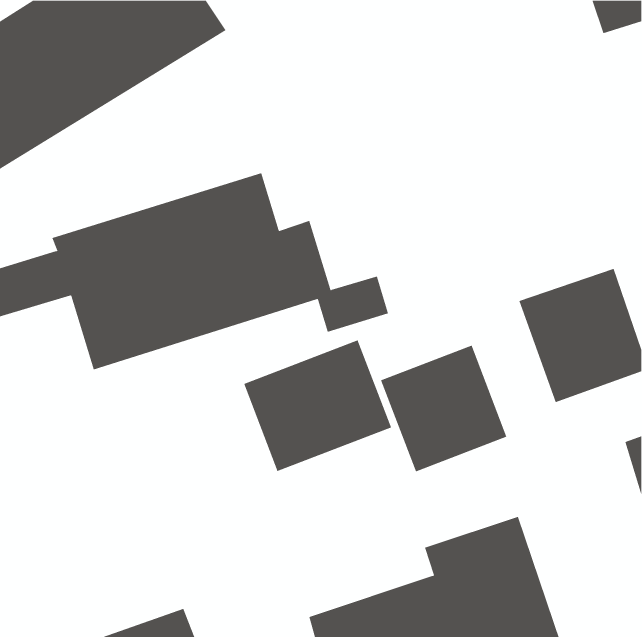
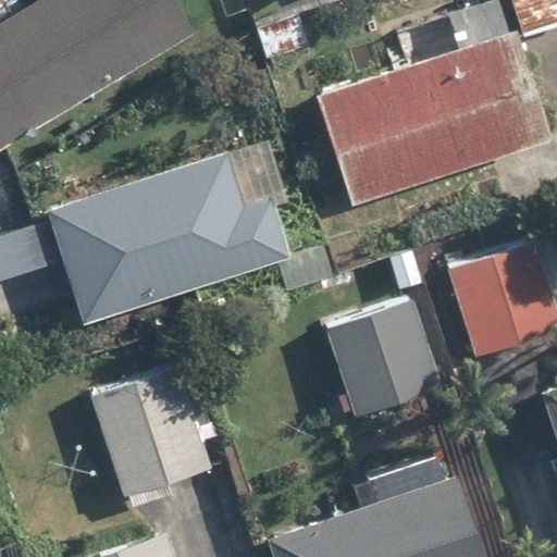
building: none -> [312,29,550,205]
building: [243,340,392,472] -> none
building: none -> [90,362,211,500]

